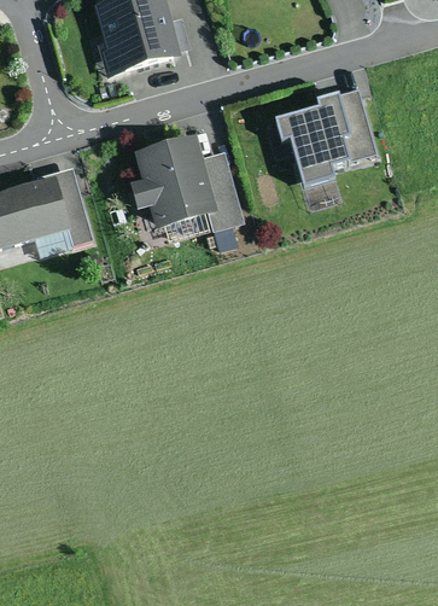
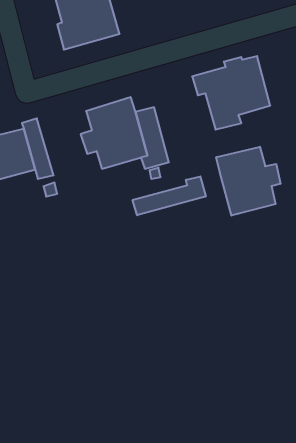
building: none -> [216,147,280,216]
building: none -> [133,176,206,215]

